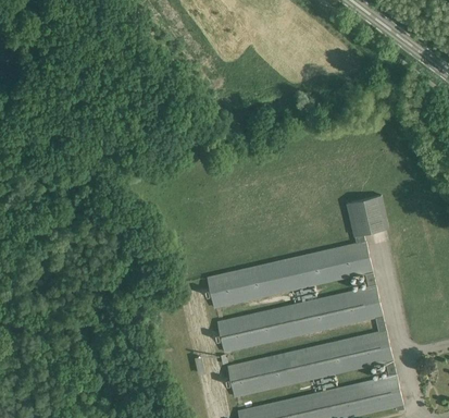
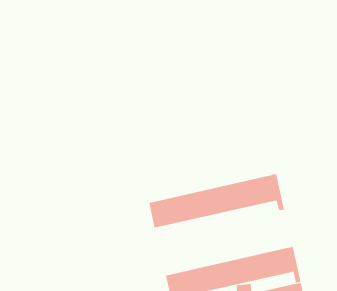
building: [346,196,388,243] -> none
building: [216,285,386,353] -> none

